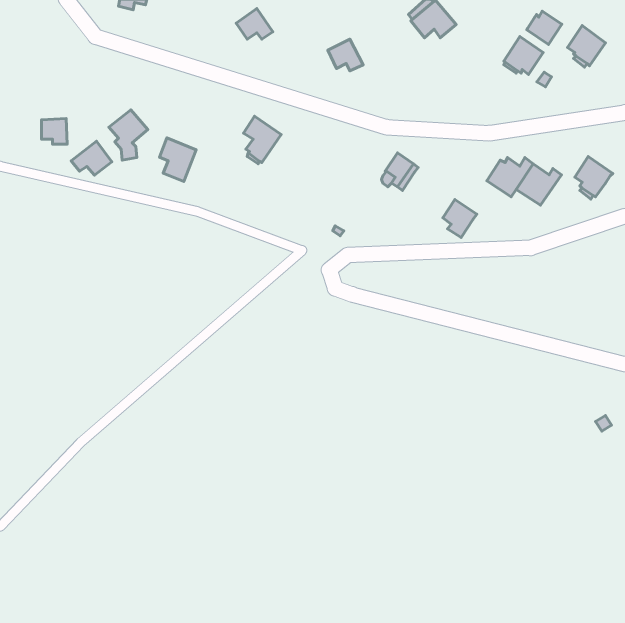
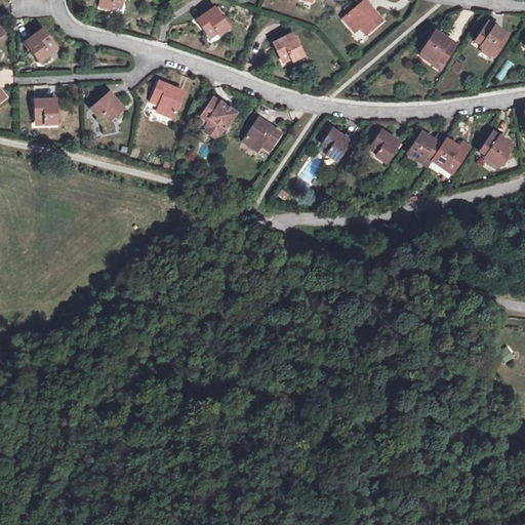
building: [527,11,562,45] -> none
building: none -> [26,29,54,60]
building: [159,138,196,182] -> [153,81,184,118]
building: none -> [243,118,281,151]
building: [71,141,112,175] -> none
building: [443,200,477,238] -> [371,130,400,162]

